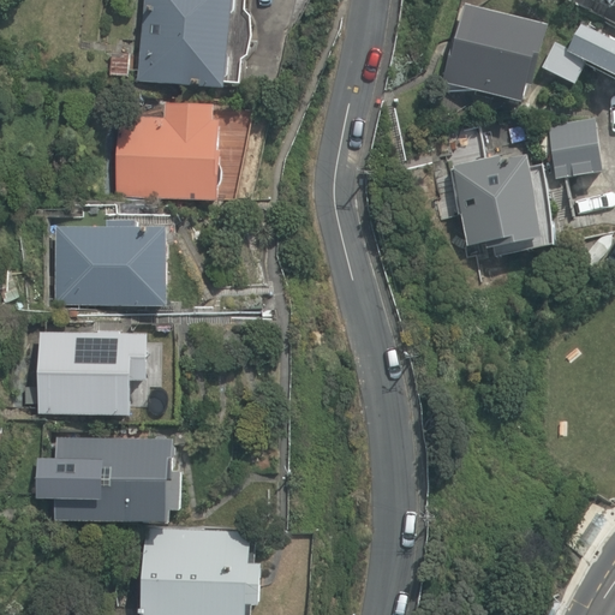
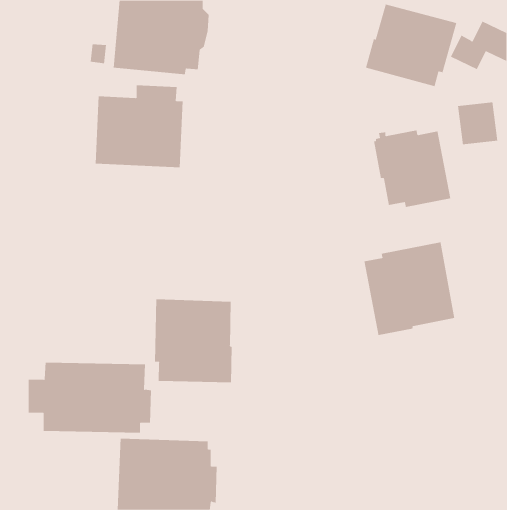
building: [54,221,168,306] -> none
building: none -> [364,241,455,336]
building: [38,330,149,416] -> none
building: none -> [154,298,232,383]

